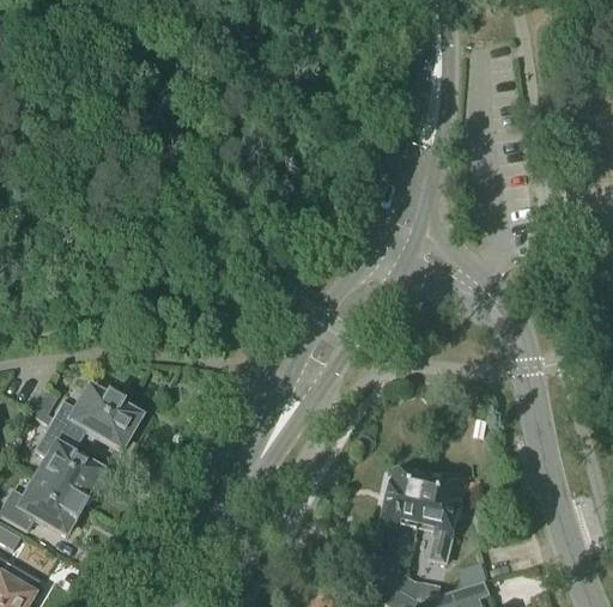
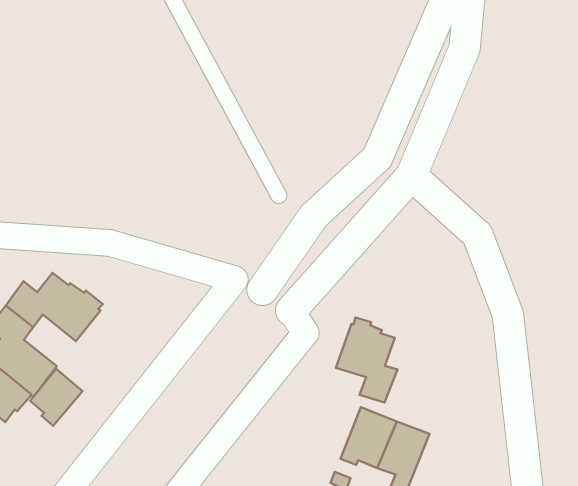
building: none -> [336,317,398,403]
building: none -> [30,369,82,426]

